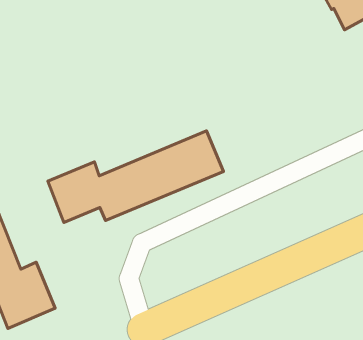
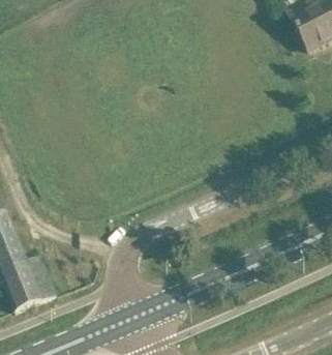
building: [48,131,224,222] -> none

